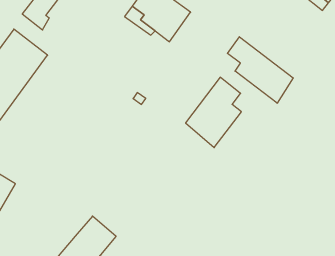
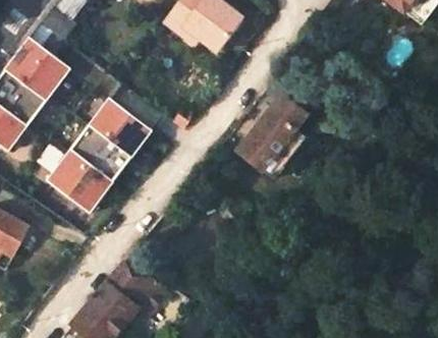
building: [227,37,293,103] -> none
building: none -> [46,98,153,214]

